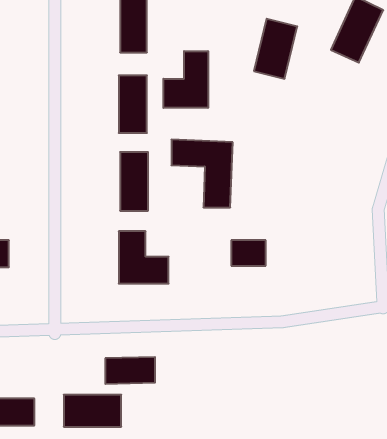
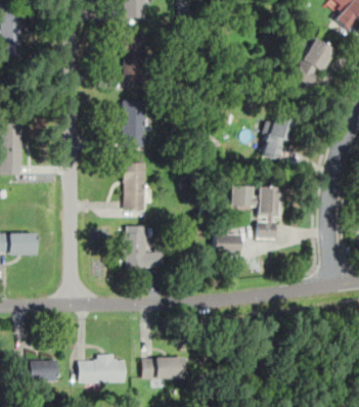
building: [254,19,297,79] -> [260,114,295,162]
building: [163,51,208,108] -> none
building: [171,140,233,207] -> [232,184,281,238]
building: [105,357,155,384] -> [141,357,181,378]

